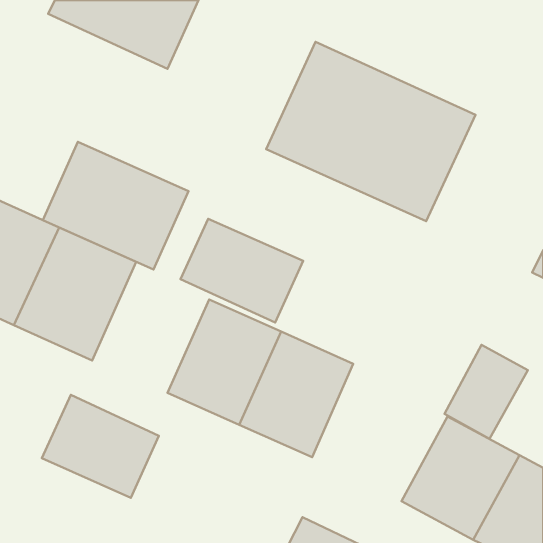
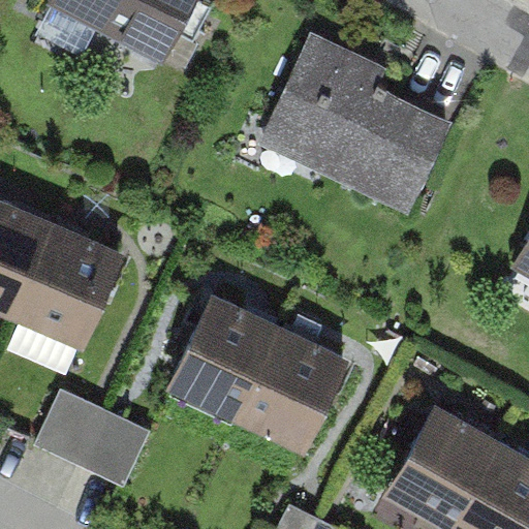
building: [43,142,188,269] -> none
building: [180,219,303,323] -> none
building: [444,345,528,439] -> none

